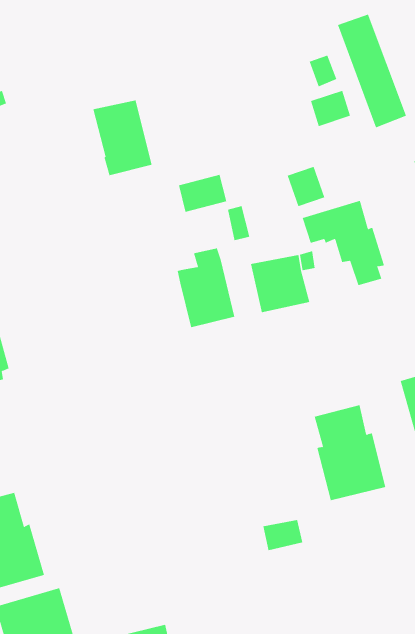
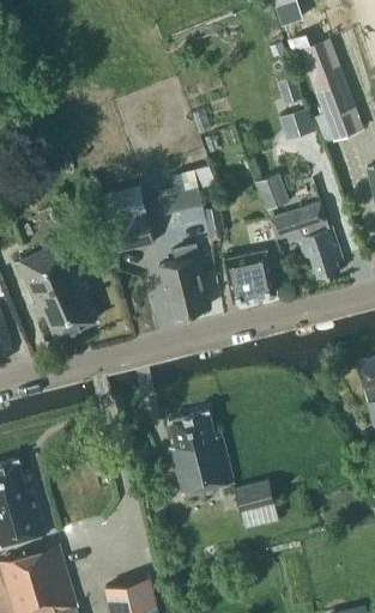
building: [93,100,152,176] -> [103,186,156,253]
building: none -> [14,239,97,339]
building: [314,404,386,501] -> [168,412,231,497]

